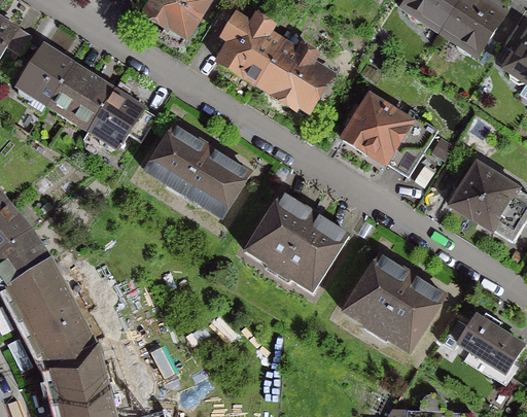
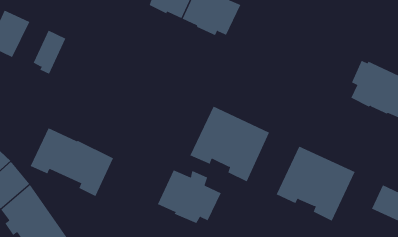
building: [46,64,94,114] -> none
building: [89,90,156,149] -> none
building: [343,97,437,176] -> none
building: [146,127,249,218] -> [30,127,114,197]
building: none -> [157,169,221,224]

